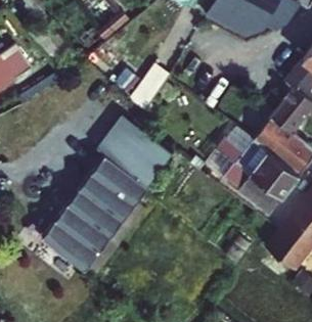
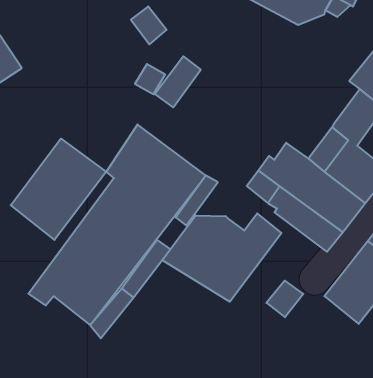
building: none -> [11,139,106,240]
building: none -> [162,213,281,302]

